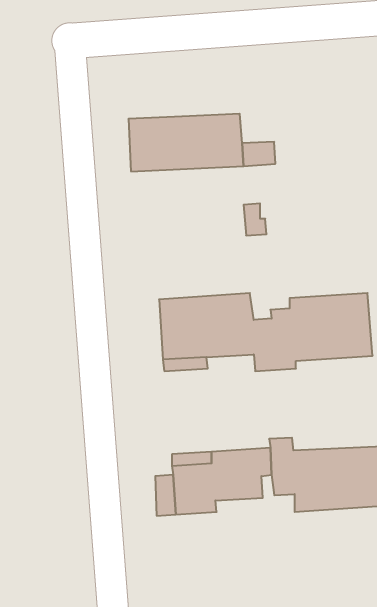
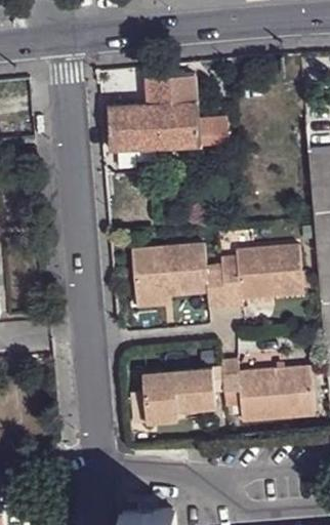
building: none -> [148,74,195,104]

